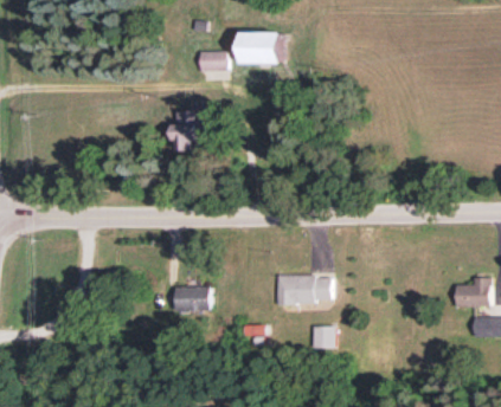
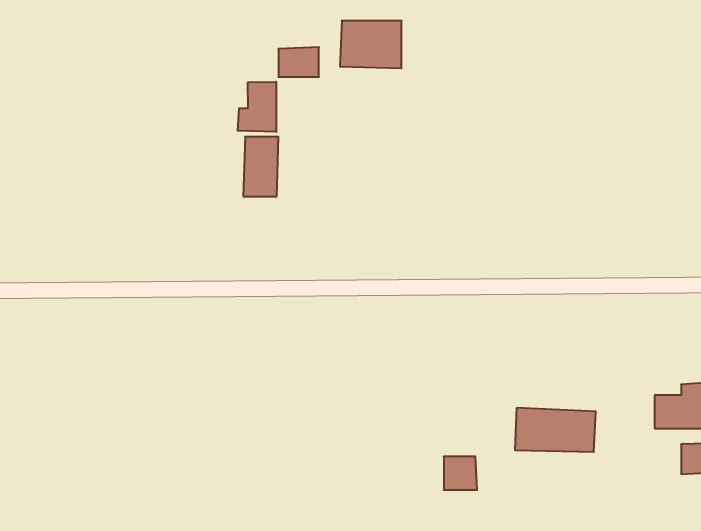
building: none -> [238,82,276,132]
building: [274,274,328,304] -> [515,408,596,452]
building: [173,288,208,311] -> none

